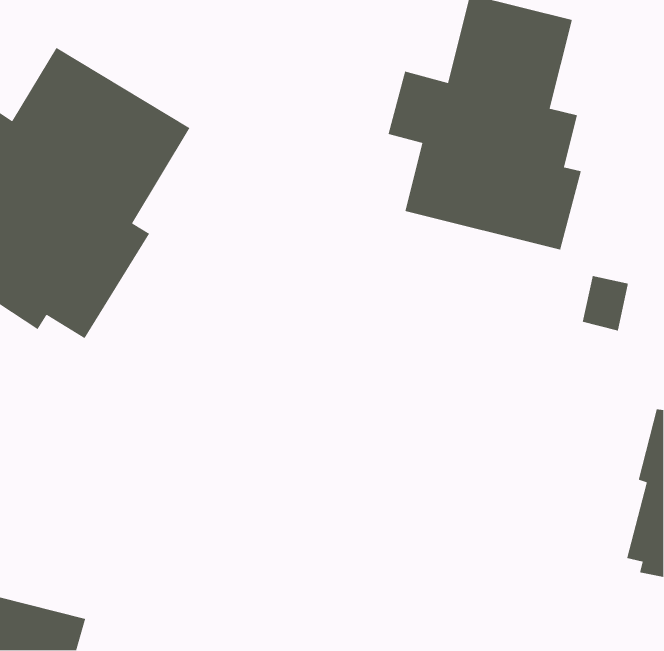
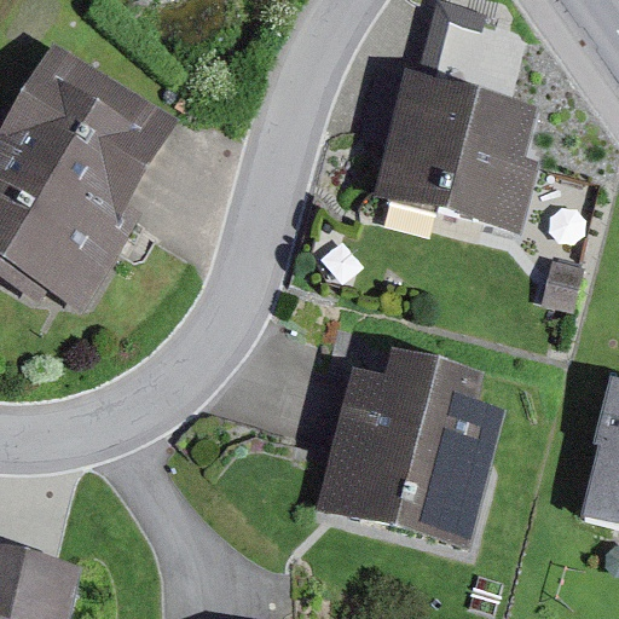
building: none -> [314,349,505,545]

